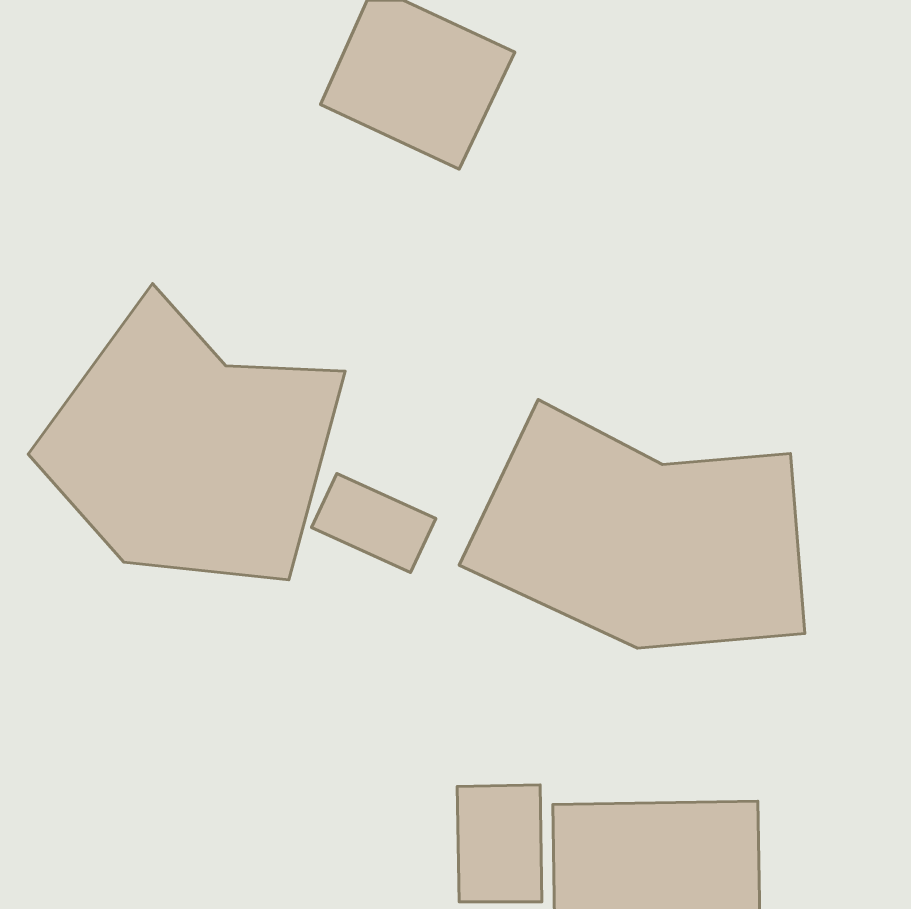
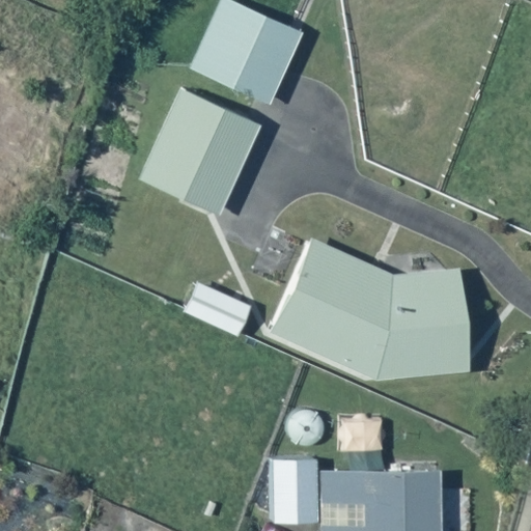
building: none -> [139,90,259,214]
building: [28,284,345,580] -> none

